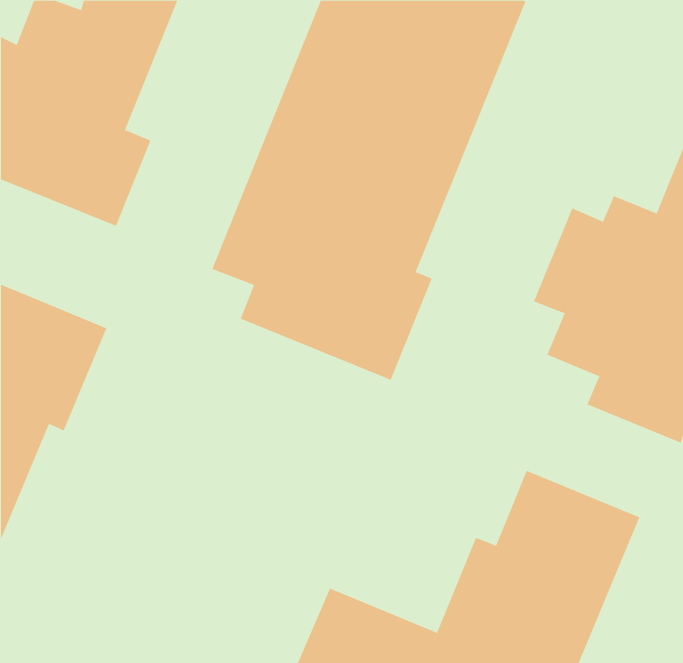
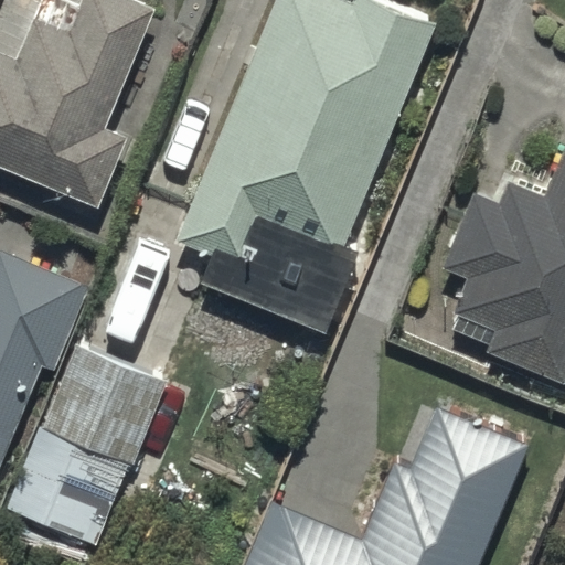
building: none -> [7,347,168,548]

